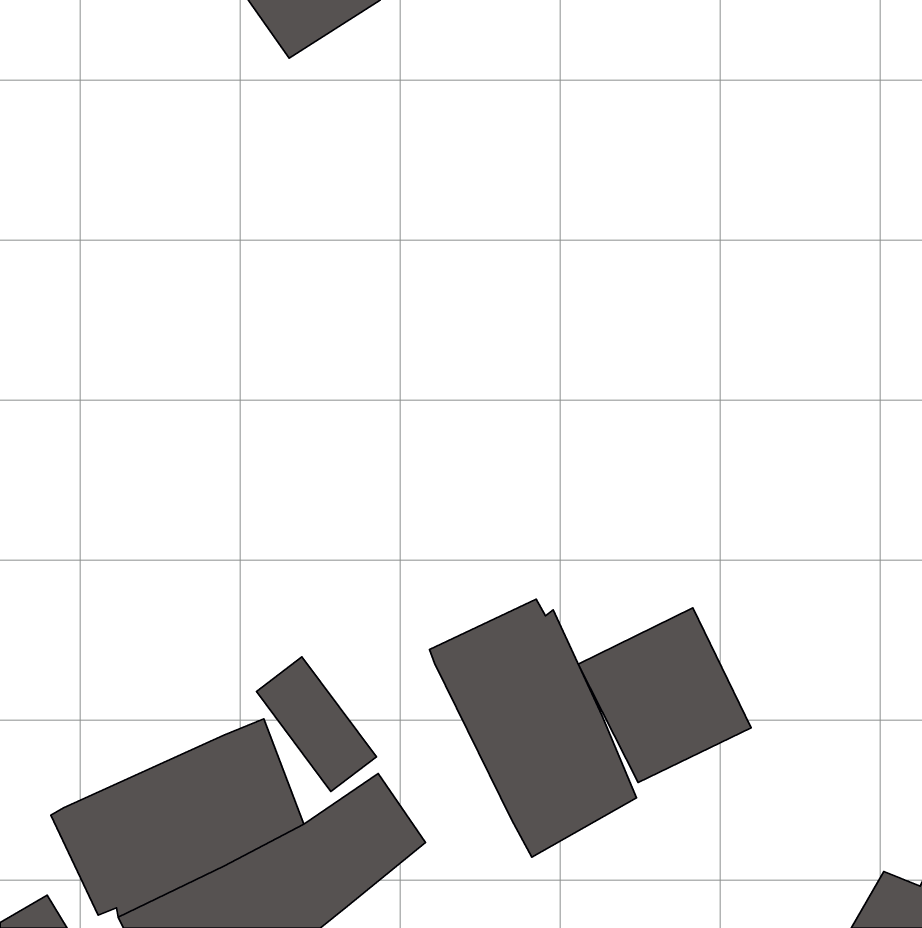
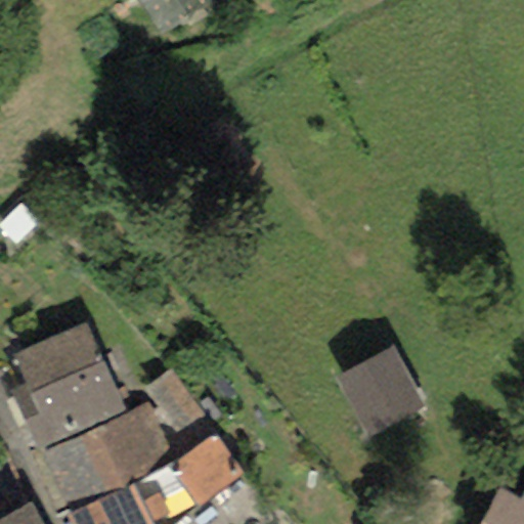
building: none -> [11,322,130,454]
building: [430,599,637,857] -> none

